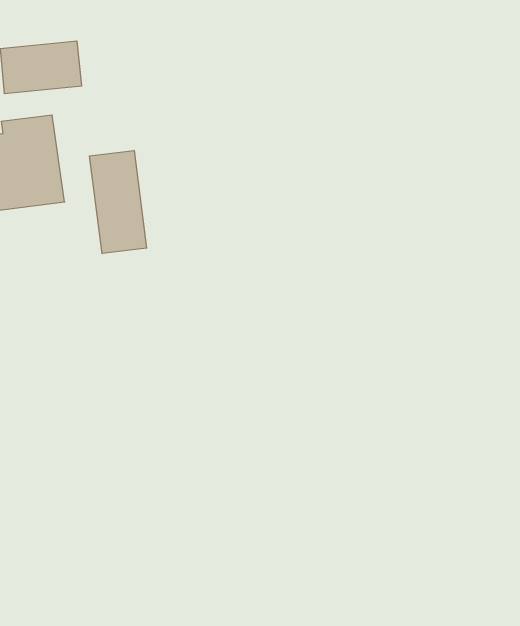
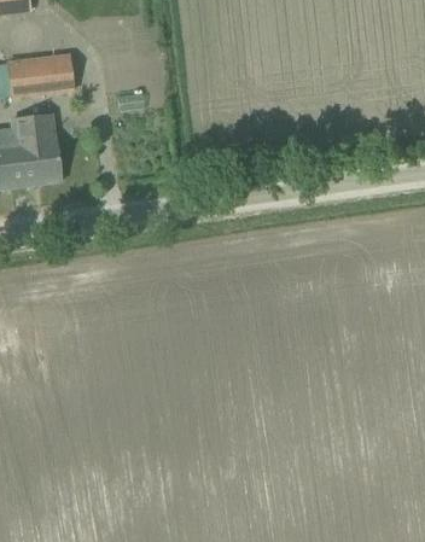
building: [90,150,147,254] -> none

